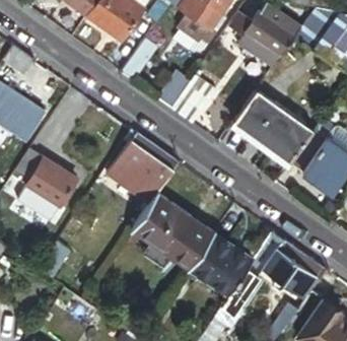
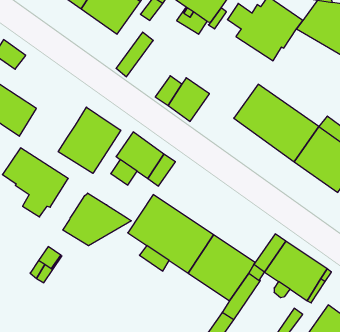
building: none -> [58,107,121,173]
building: none -> [63,193,131,246]

